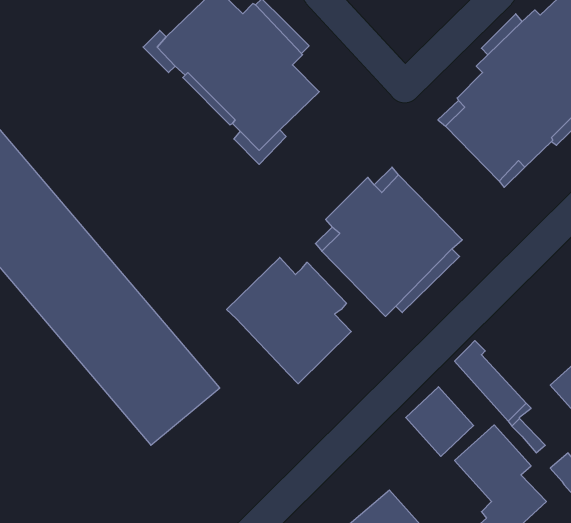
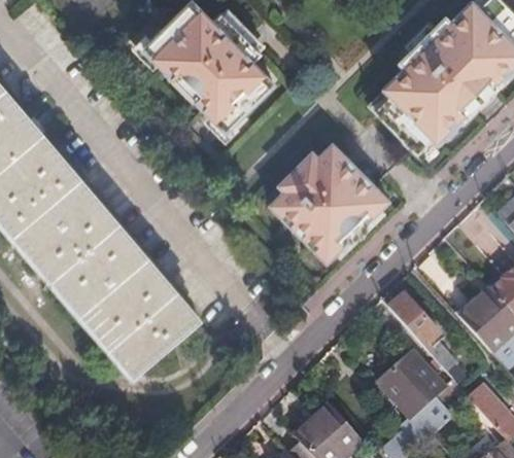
building: [227,257,351,384] -> none
building: [406,387,474,456] -> none

